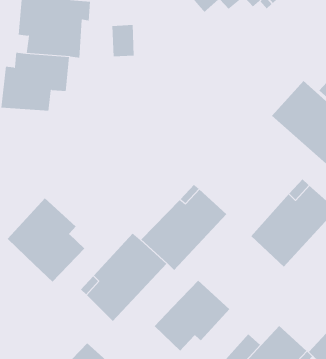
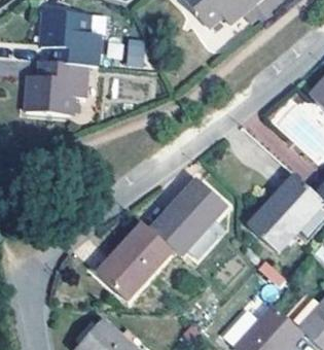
building: [7,197,85,283] -> none
building: [154,280,230,351] -> none

